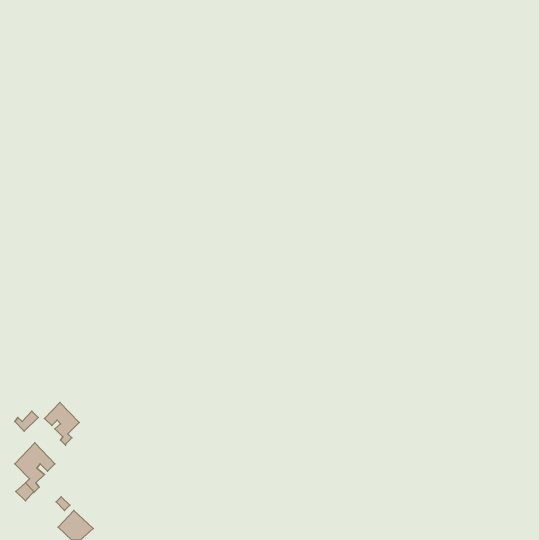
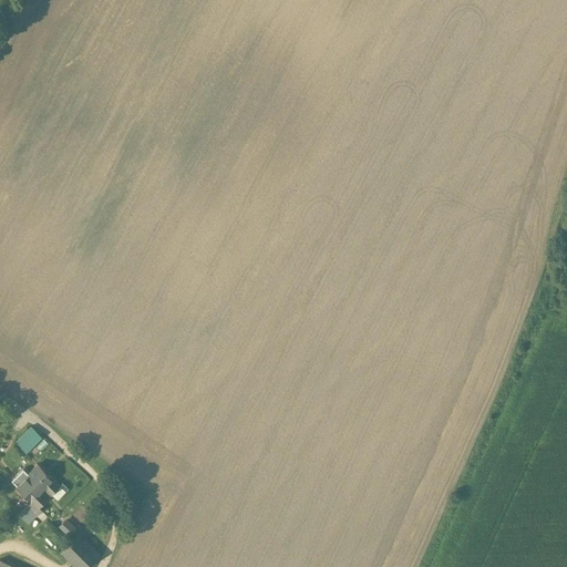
building: [45,402,79,445] -> none

